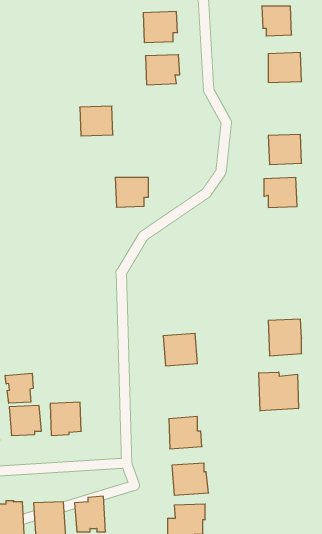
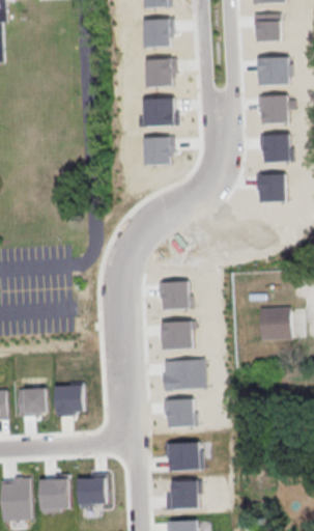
building: none -> [260,95,288,124]
building: [80,106,113,136] -> [143,97,174,125]
building: [115,177,148,207] -> [143,137,174,165]
building: none -> [158,280,192,310]
building: [259,372,298,411] -> none
building: [5,373,33,403] -> none
building: none -> [163,359,205,390]

